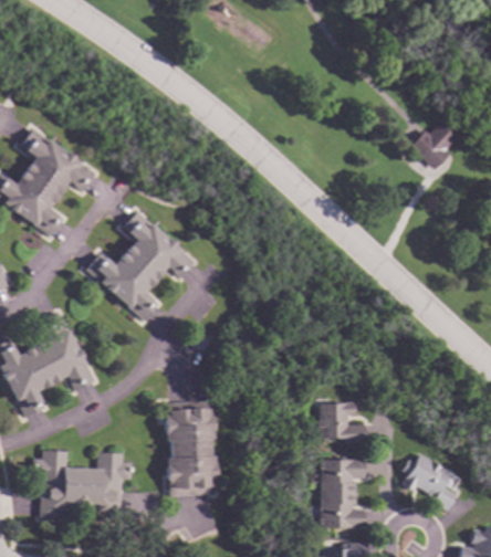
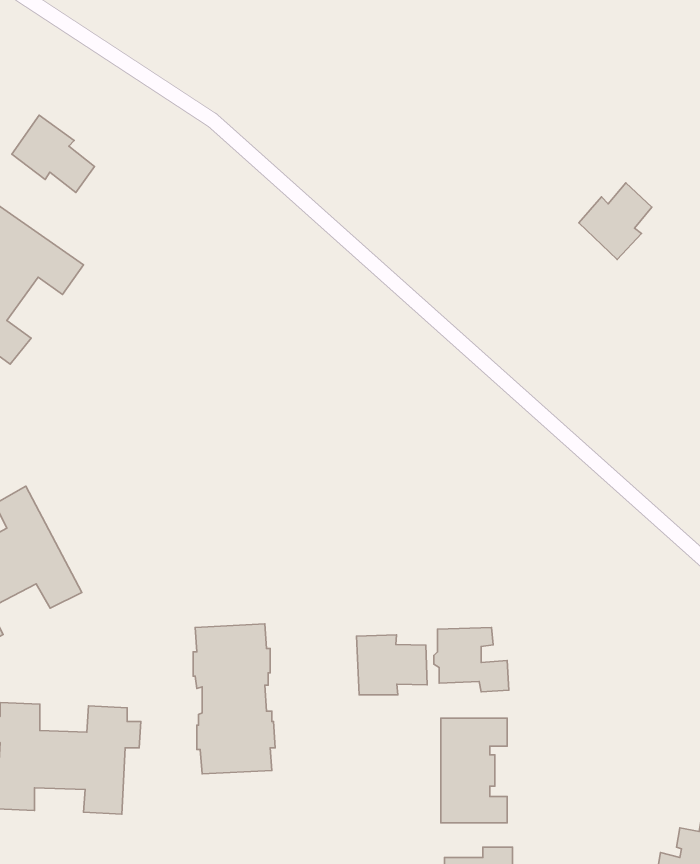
building: none -> [12,115,95,193]
building: [85,211,194,319] -> none
building: none -> [357,635,427,695]
building: [401,453,456,509] -> none

